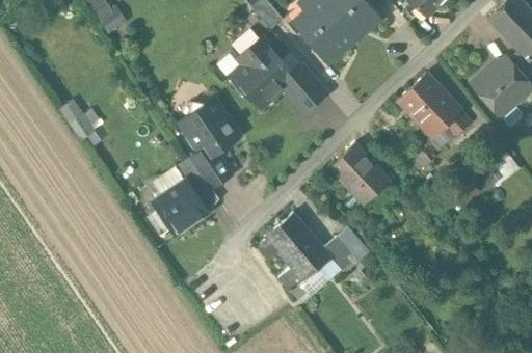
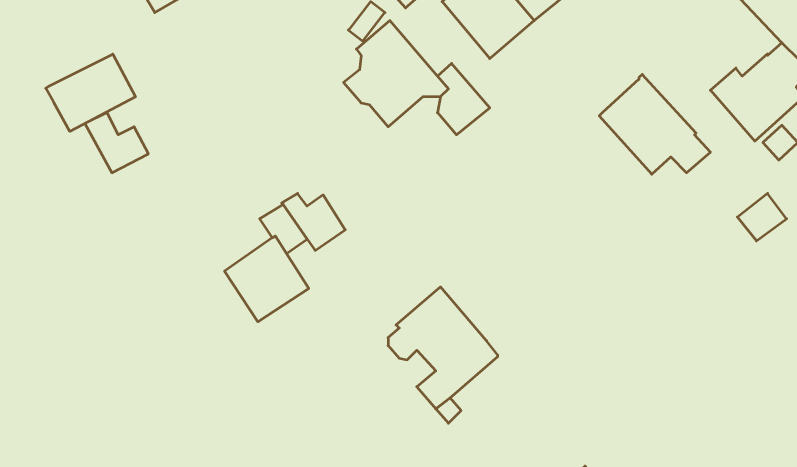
building: none -> [46,54,135,131]
building: [186,100,239,159] -> none
building: [328,142,390,205] -> none
building: [324,236,358,273] -> none

